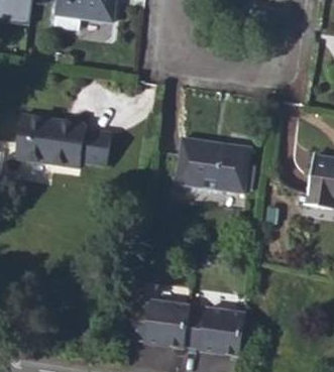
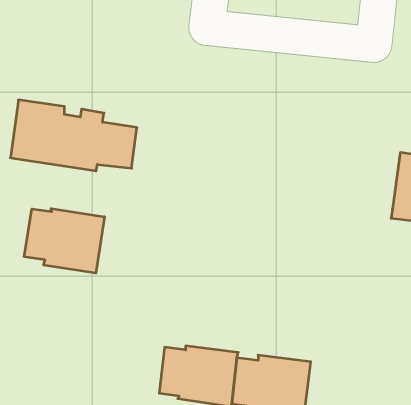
building: [176,137,250,193] -> none
building: none -> [24,209,104,273]

